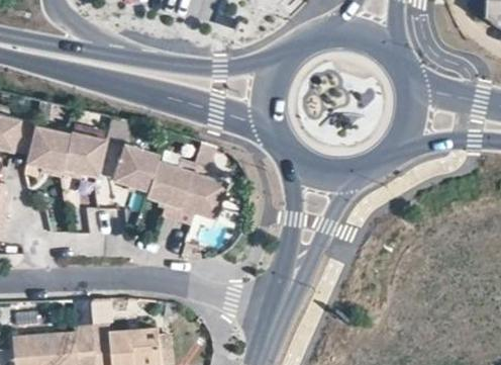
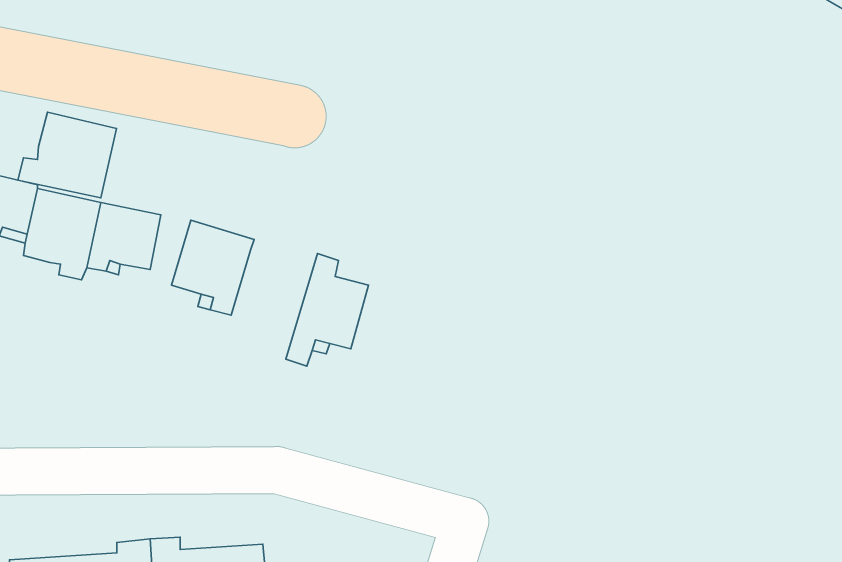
building: none -> [18,112,116,198]
building: [142,158,192,222] -> none

